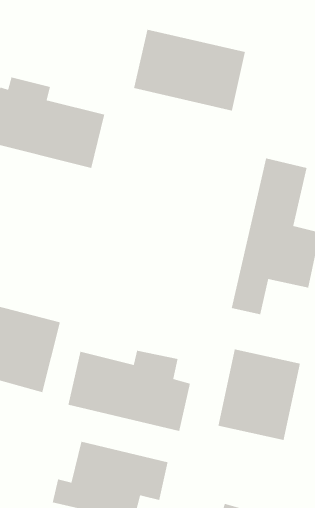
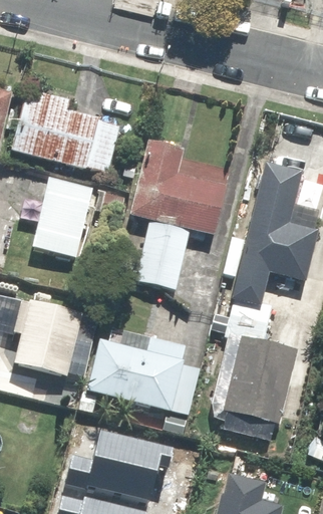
building: [133,29,246,111] -> none
building: none -> [129,144,232,289]
building: none -> [35,178,126,240]

